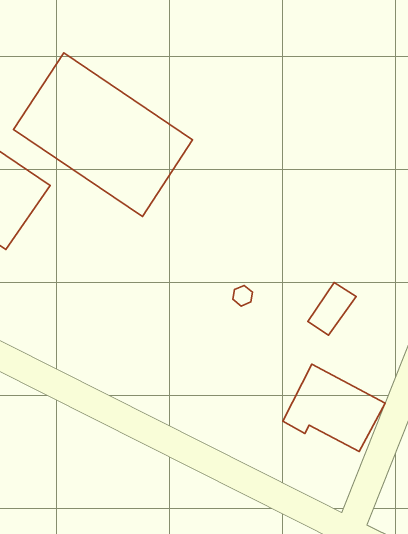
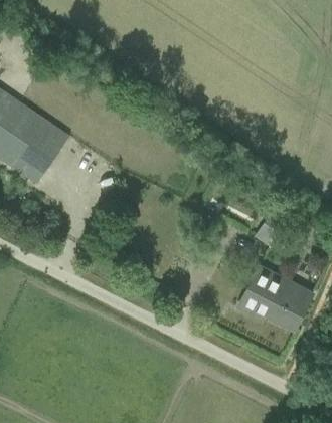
building: [14,53,193,217] -> none

